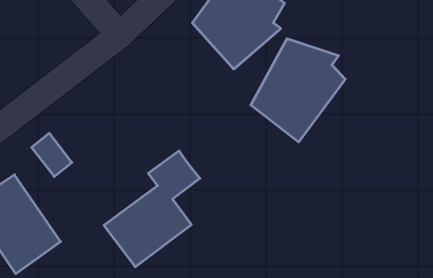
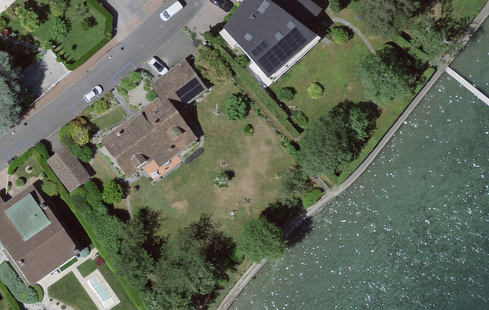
building: [251,39,345,142] -> none
building: [104,151,200,267] -> [103,62,205,185]

